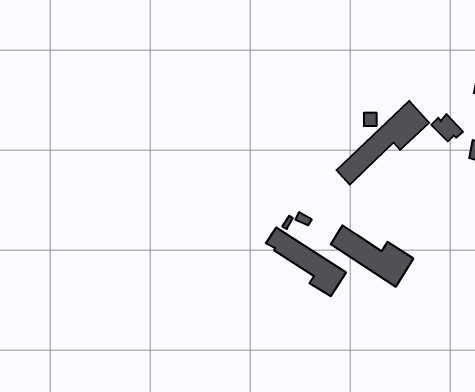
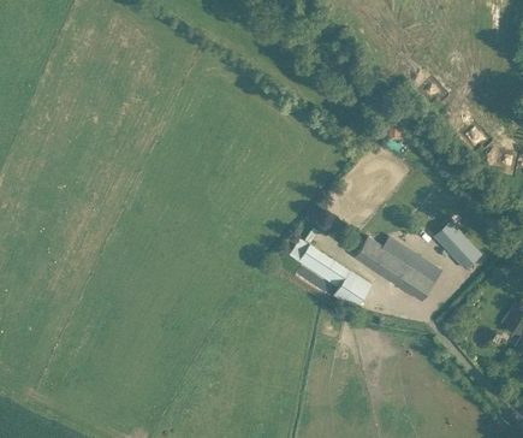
building: [336,101,429,185] -> none
building: none -> [433,220,481,268]

